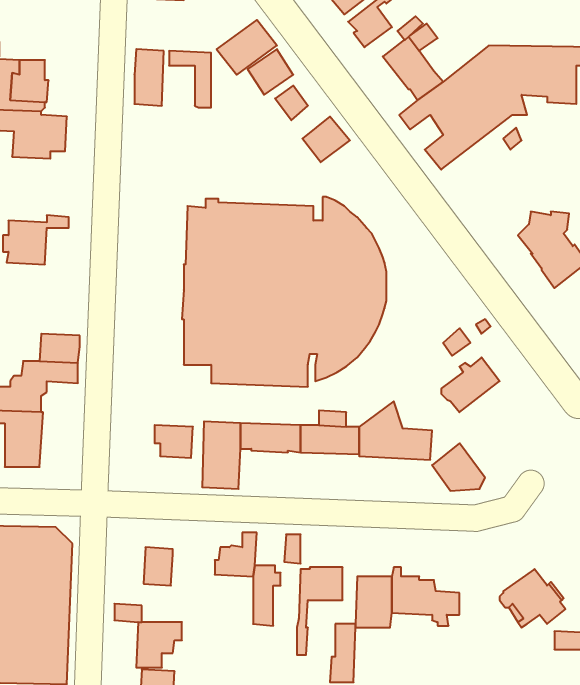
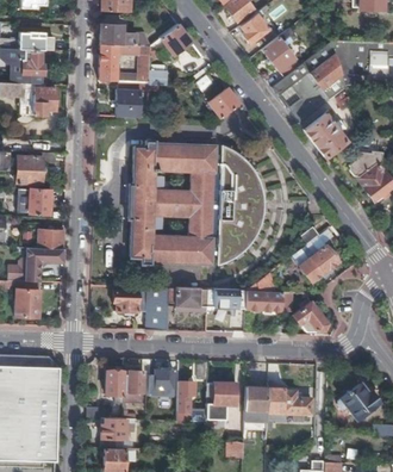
building: none -> [101,25,151,46]
building: none -> [19,32,55,51]
building: none -> [118,81,142,118]
building: none -> [305,111,347,157]
building: none -> [20,188,50,215]
building: none -> [123,371,143,418]

